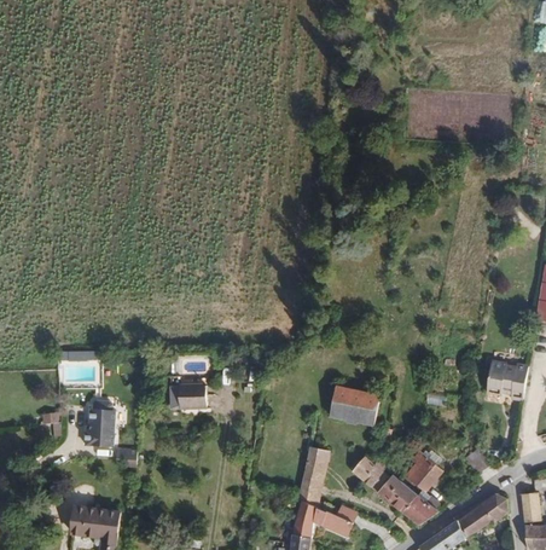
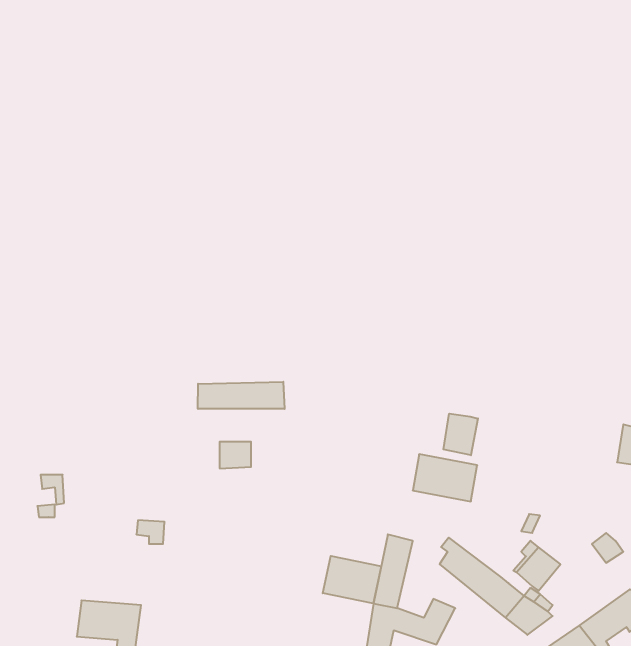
building: none -> [198,382,285,409]
building: none -> [443,414,478,455]
building: [85,403,114,441] -> none
building: none -> [323,556,381,603]

